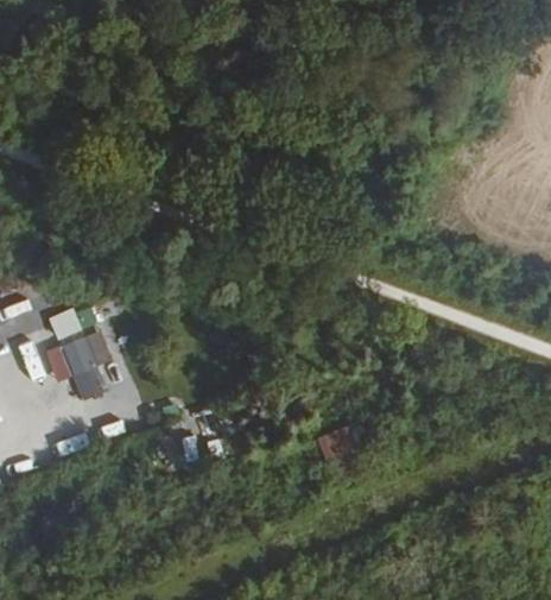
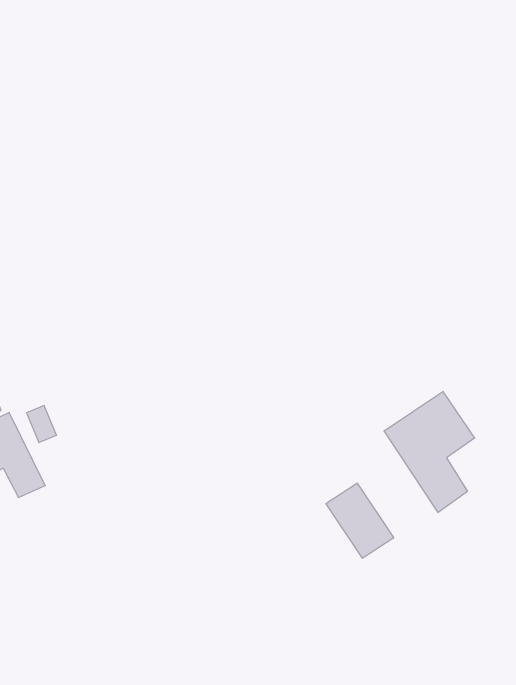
building: none -> [384,391,475,512]

